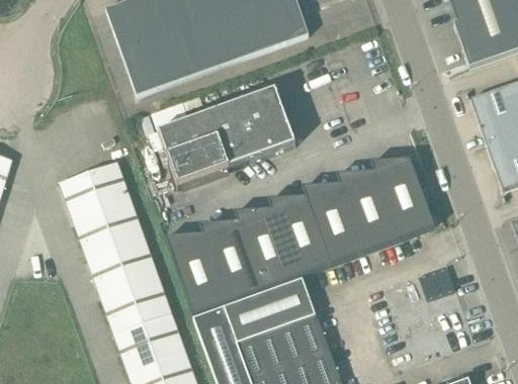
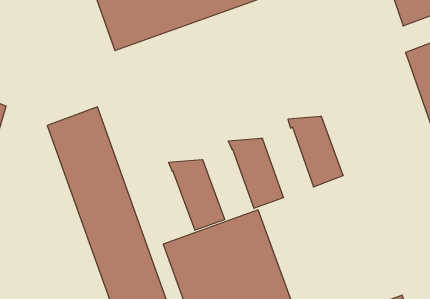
building: [158,88,294,185] -> none
building: [370,158,434,237] -> none
building: [301,182,365,263] -> none
building: [233,207,296,288] -> none
building: [165,232,229,313] -> none

